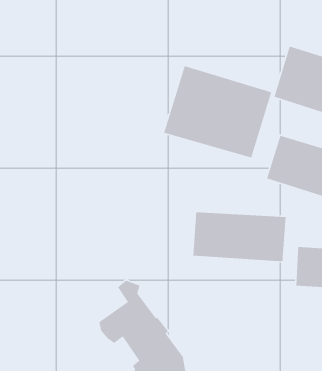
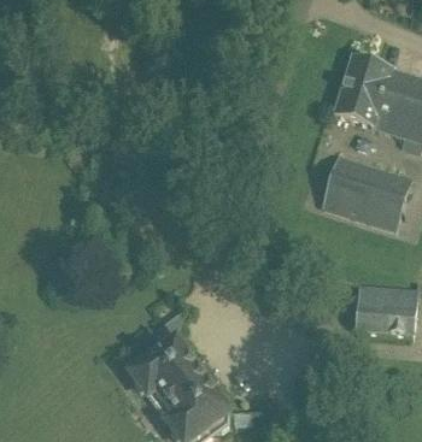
building: [163,65,272,159] -> none
building: [192,211,287,262] -> none

